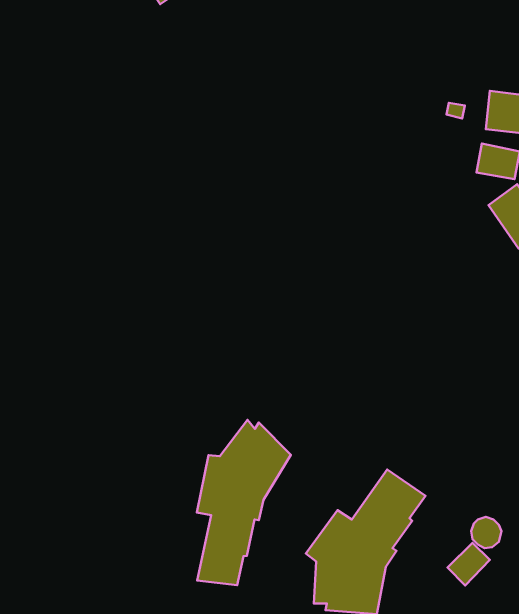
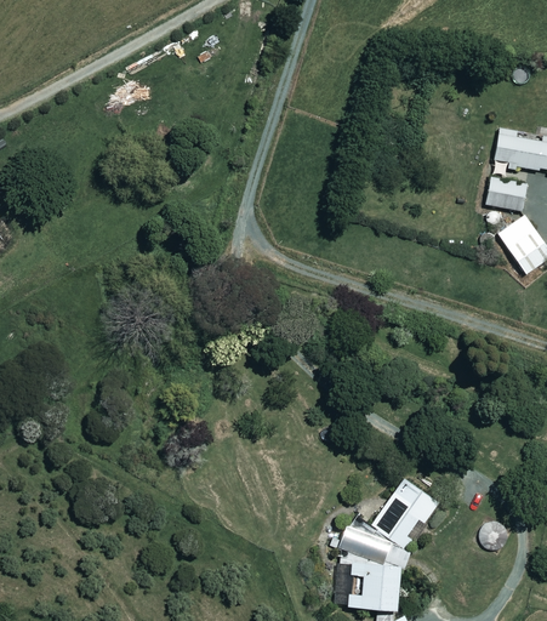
building: [197,420,291,585] -> none
building: [447,543,490,585] -> none

